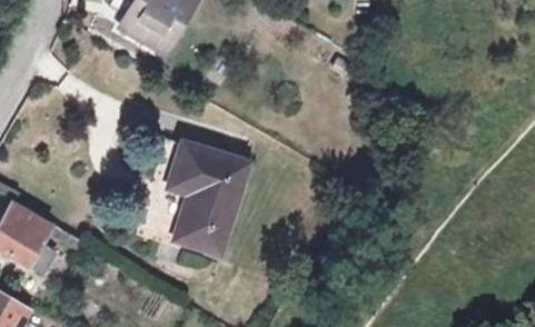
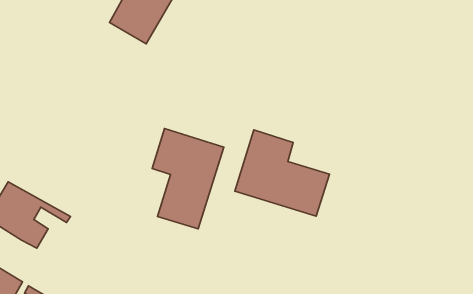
building: none -> [235,130,330,216]

